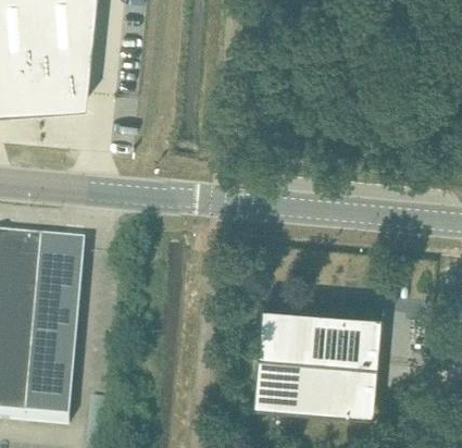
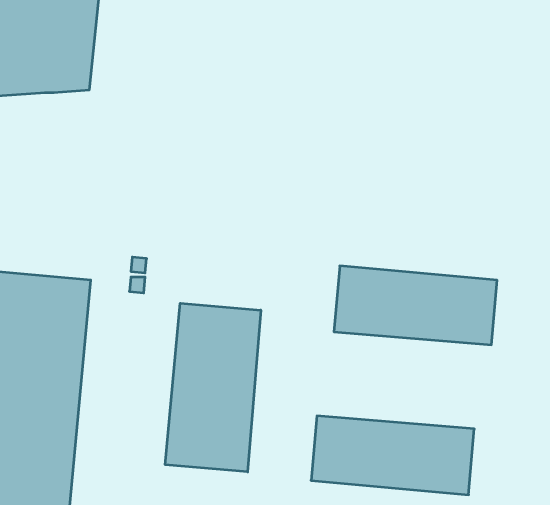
building: none -> [165,303,261,472]
building: [255,299,379,359] -> [334,266,497,345]

